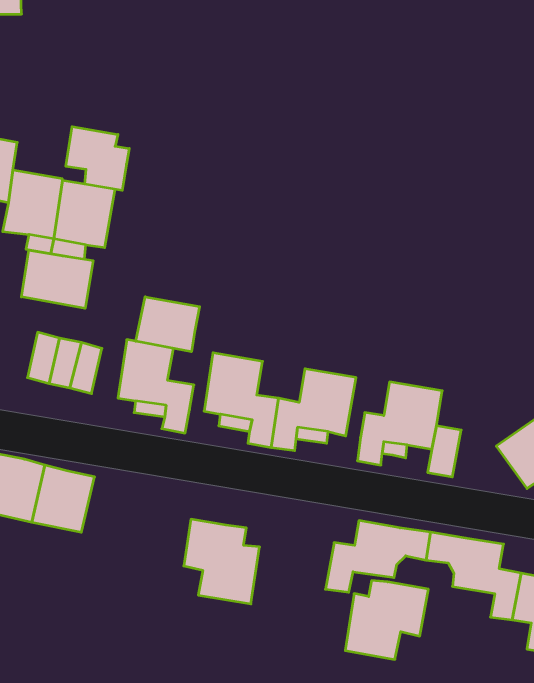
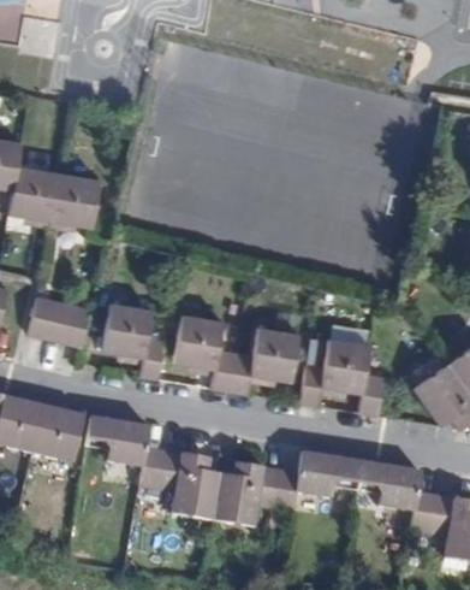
building: [66,127,129,190] -> none
building: [21,250,93,308] -> none
building: [136,297,200,352] -> none
building: none -> [87,415,163,488]
building: [345,581,428,659] -> [213,461,281,526]

